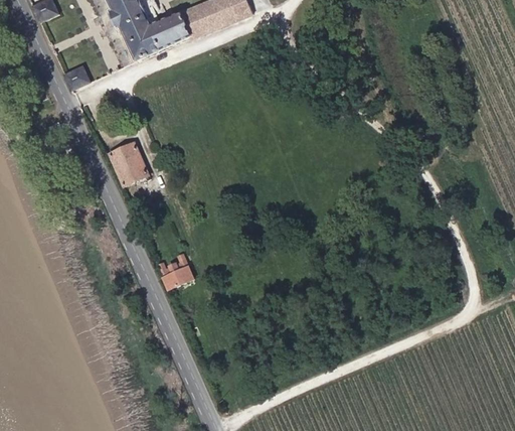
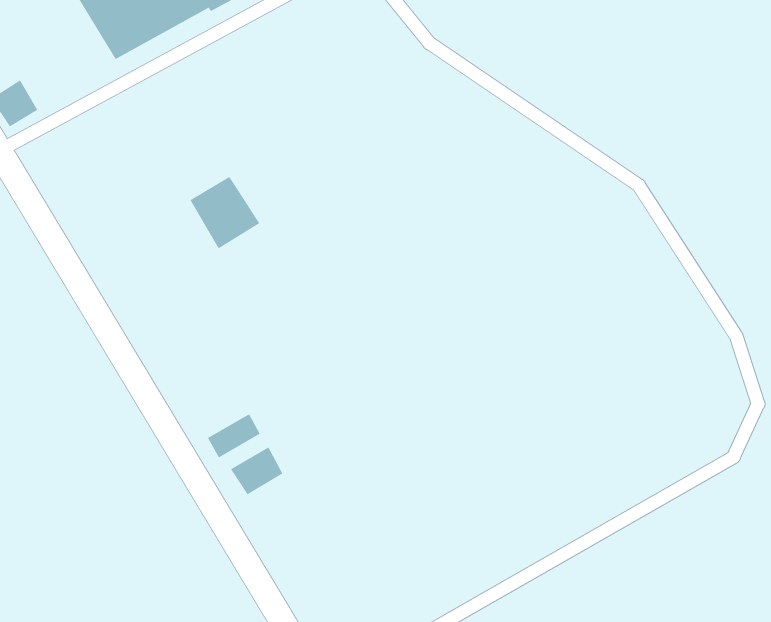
building: [110,143,148,183] -> [189,176,260,249]
building: none -> [230,447,283,495]

